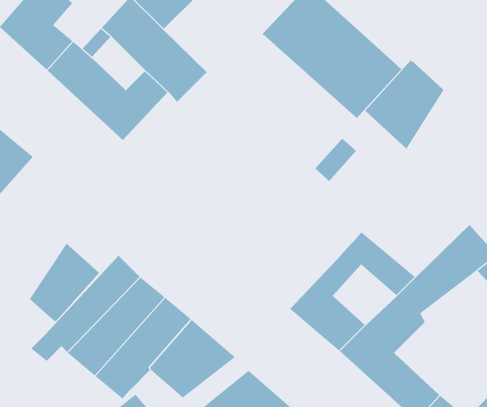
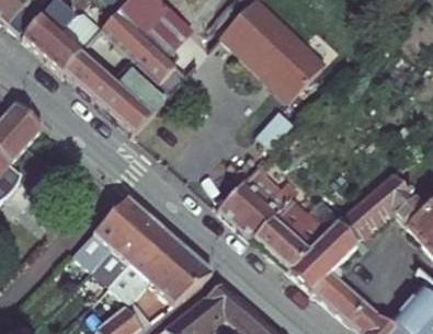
building: [364,60,444,150] -> none
building: none -> [122,78,173,130]
building: none -> [210,174,282,242]
building: [29,243,100,322] -> none

